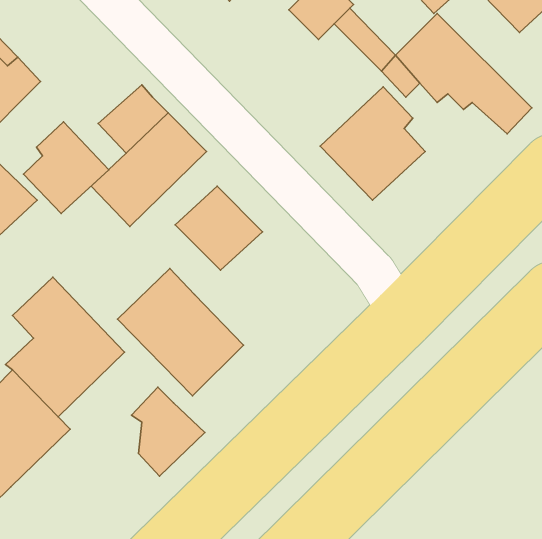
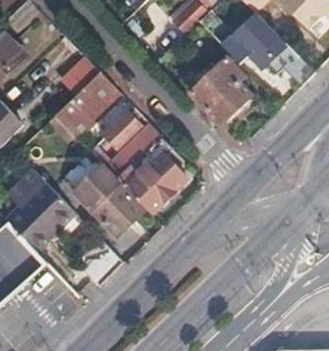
building: [23,122,109,214] -> none
building: none -> [115,137,185,215]

